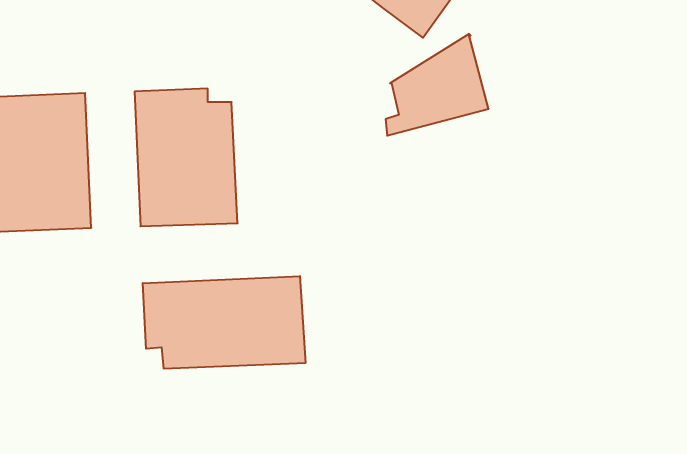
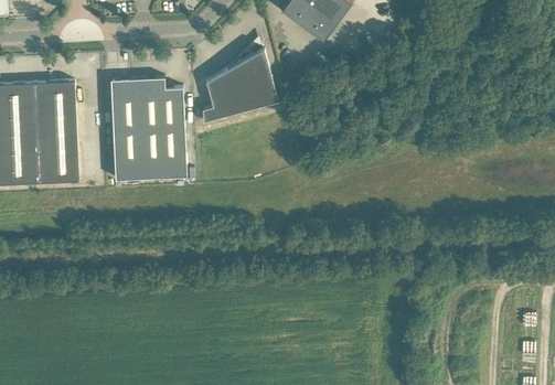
building: [386,34,489,136] -> [202,46,278,121]
building: [143,276,305,369] -> none

